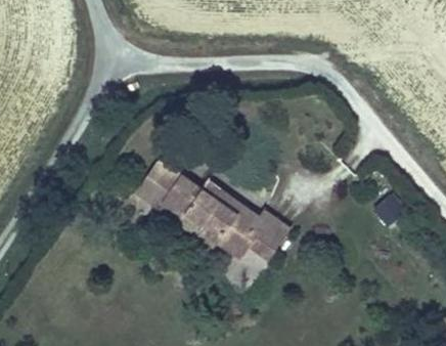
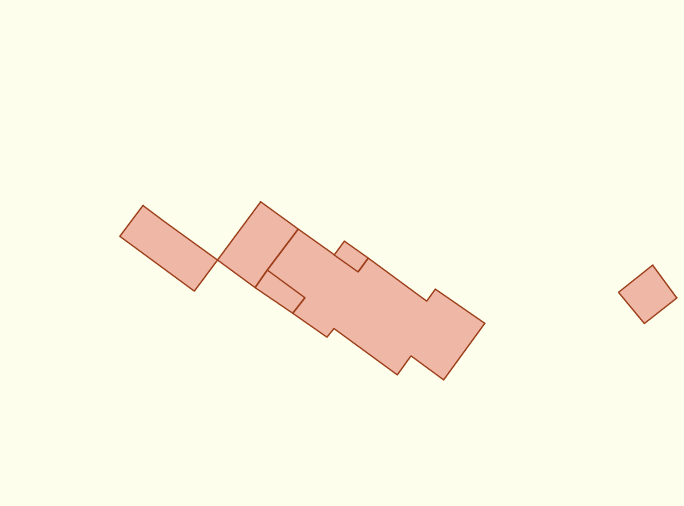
building: none -> [120,205,217,291]

